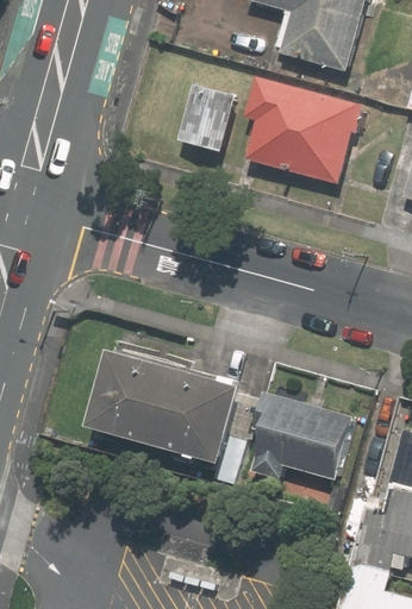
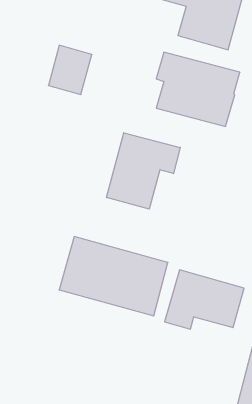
building: [170,88,232,158] -> [48,45,92,95]
building: none -> [107,133,180,209]

